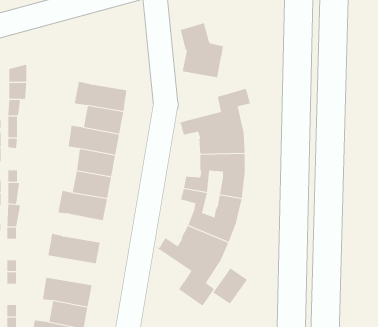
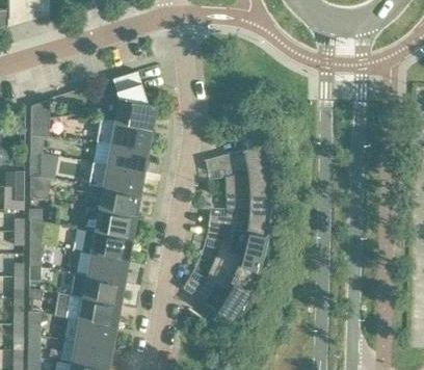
building: [180,23,224,78] -> [112,72,157,128]
building: none -> [86,254,127,283]
building: none -> [64,295,120,326]
building: [213,267,248,305] -> none

